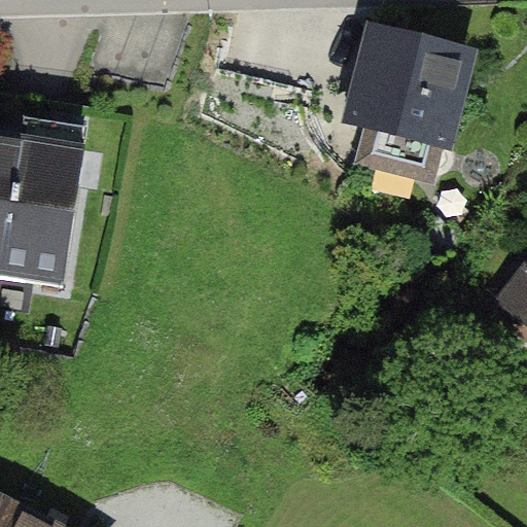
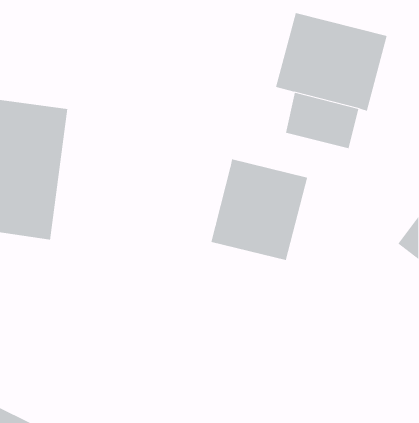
building: none -> [211,158,308,261]

